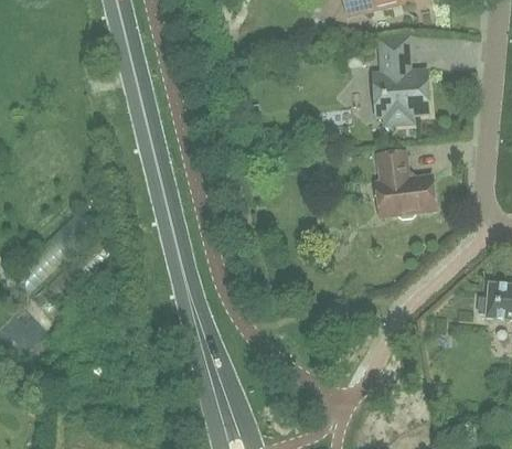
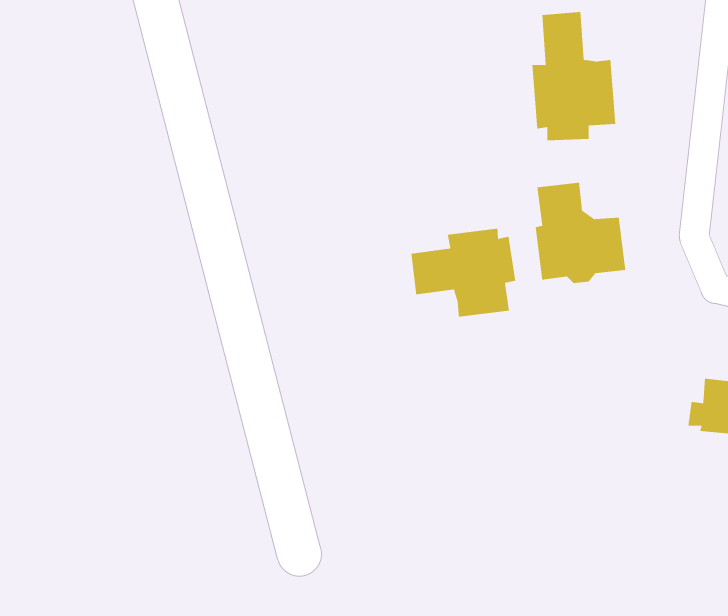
building: none -> [411,228,516,318]

